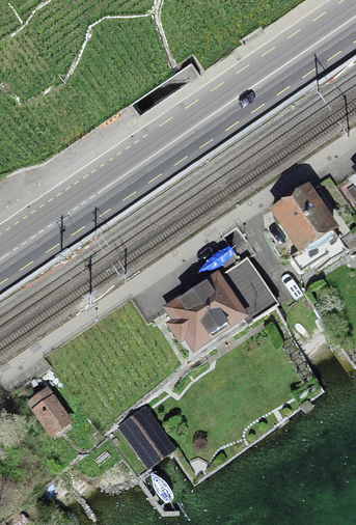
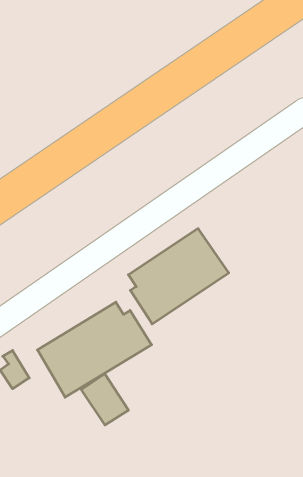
building: [278,186,350,267] -> none
building: none -> [37,302,152,397]

